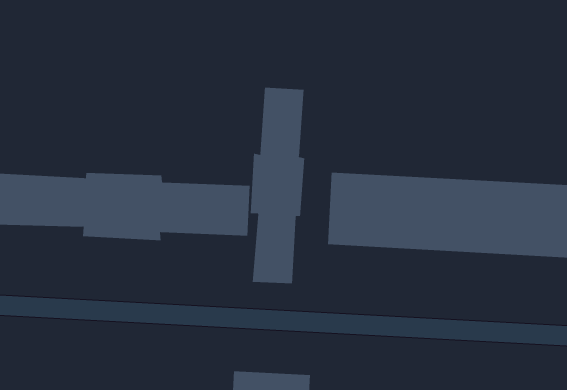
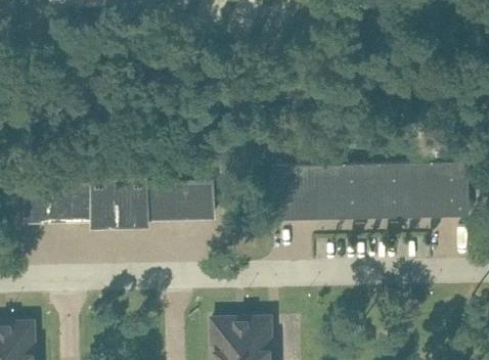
building: [250,87,305,284] -> none

